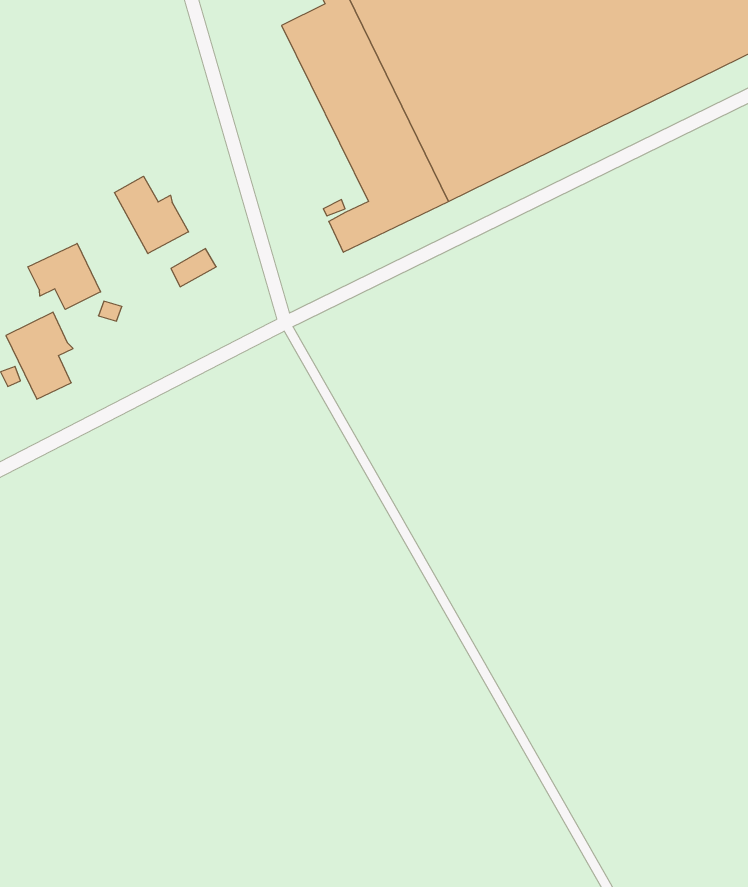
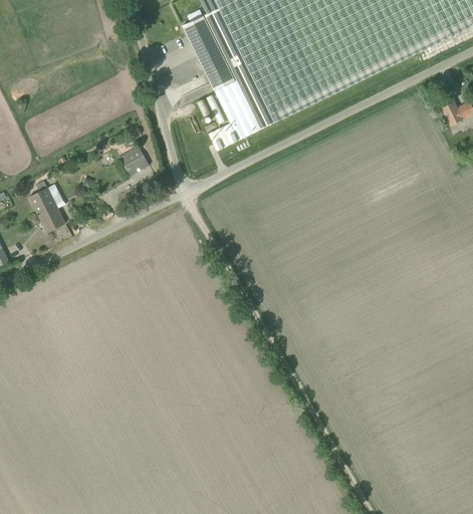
building: [114,176,189,254] -> none
building: [28,243,101,309] -> none

